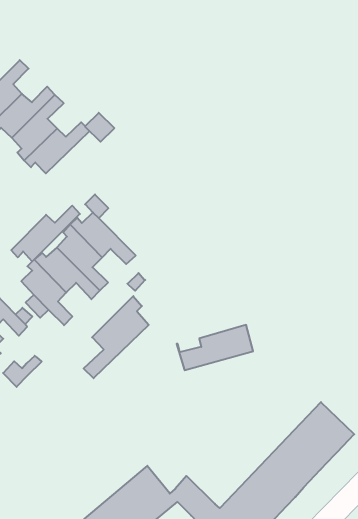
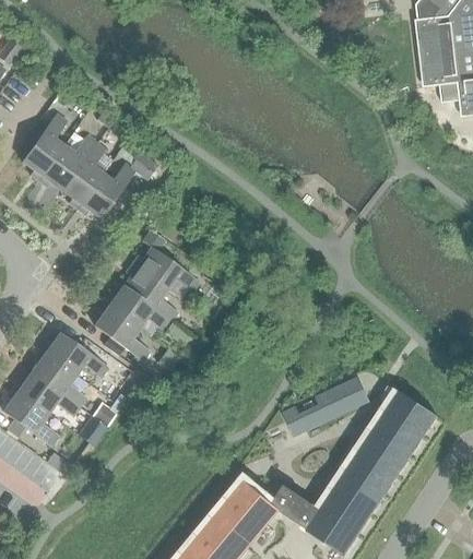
building: [11,206,80,262] -> none
building: [84,296,149,378] -> none
building: [177,325,253,370] -> [294,376,368,429]

